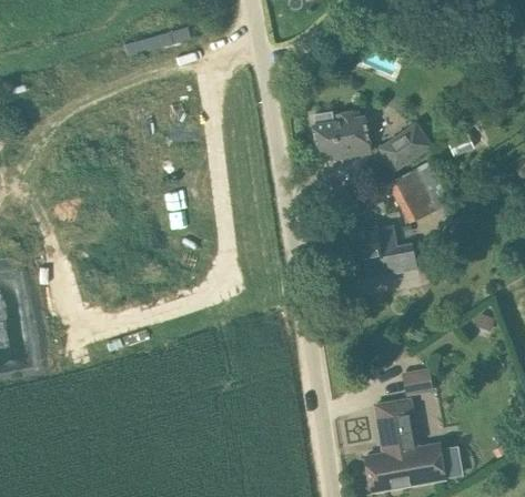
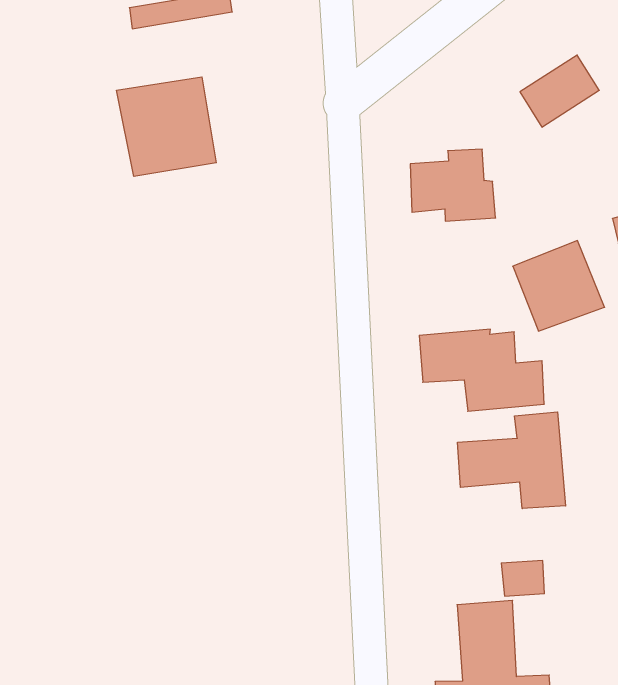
building: none -> [117,77,216,176]
building: [382,121,433,170] -> [520,55,599,127]
building: none -> [458,412,566,509]

